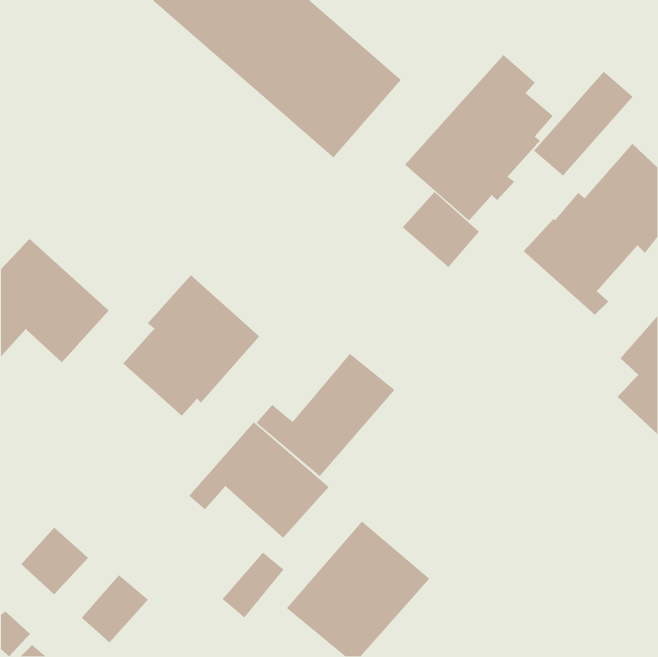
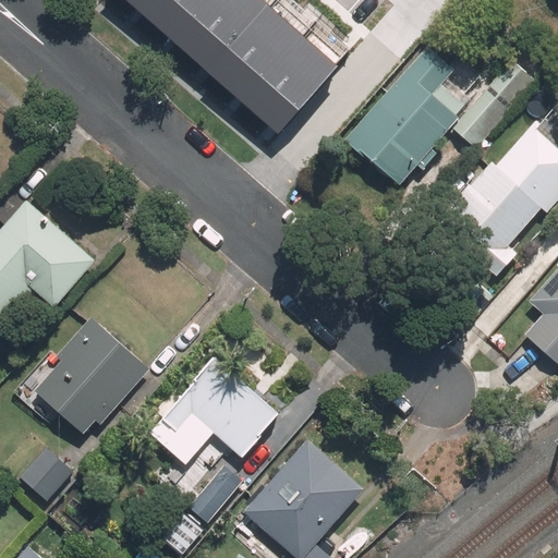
building: [402,191,480,268] -> none
building: [123,275,260,416] -> [32,316,148,436]
building: [256,353,395,477] -> none
building: [81,574,149,643] -> none

